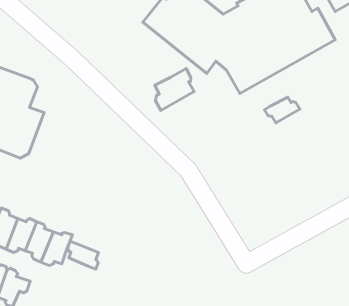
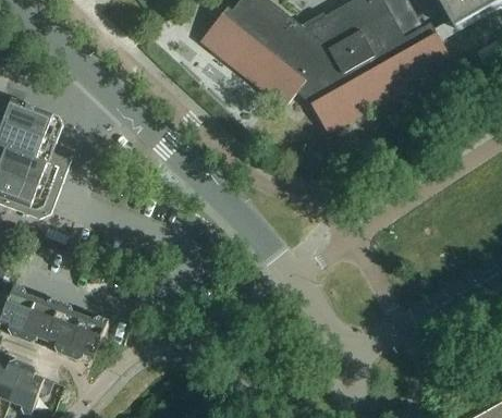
building: [155,69,194,110] -> none
building: [265,97,300,123] -> none
building: [67,241,98,269] -> none

